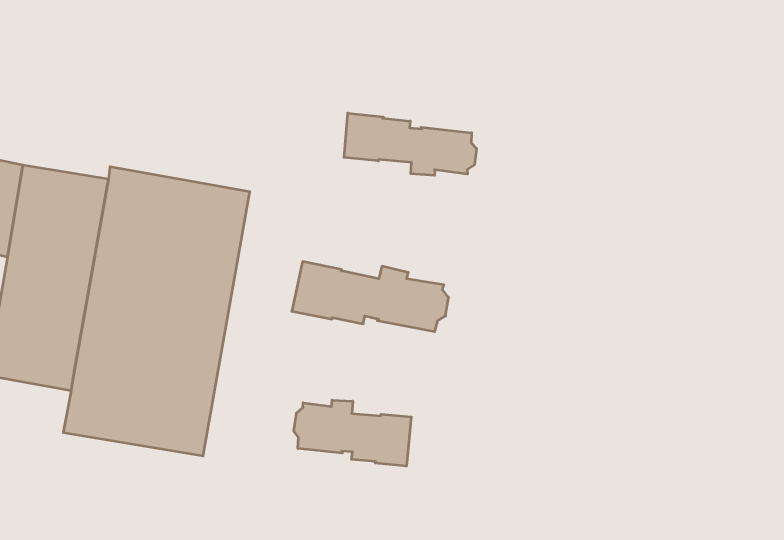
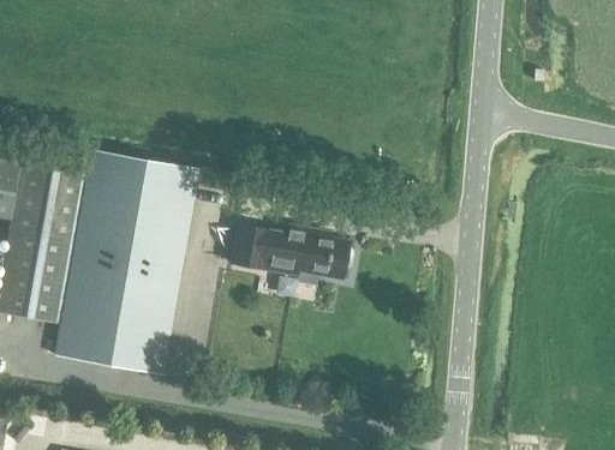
building: [344,113,477,175] -> none
building: [294,400,411,466] -> none

